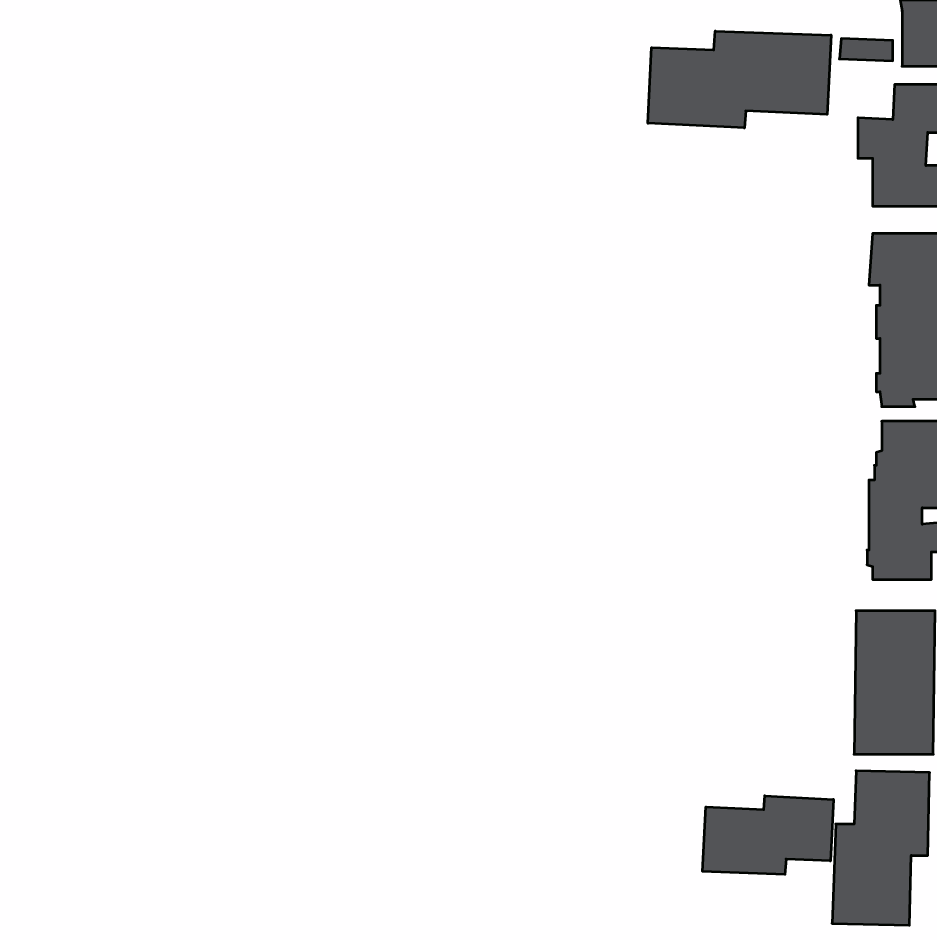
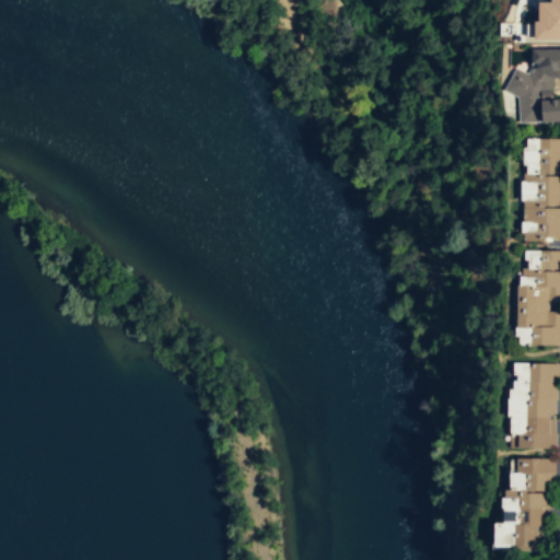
building: [648,31,831,128] -> none
building: [703,796,833,874] -> none

